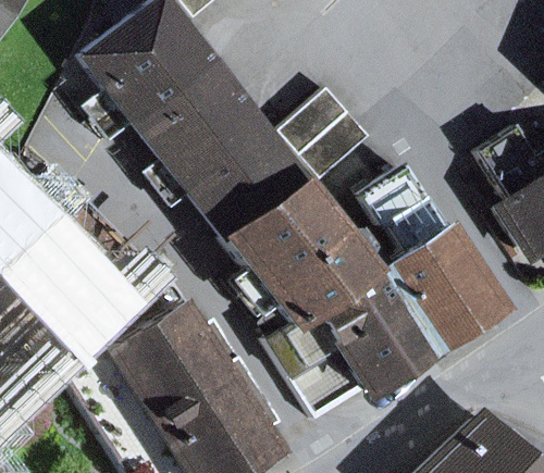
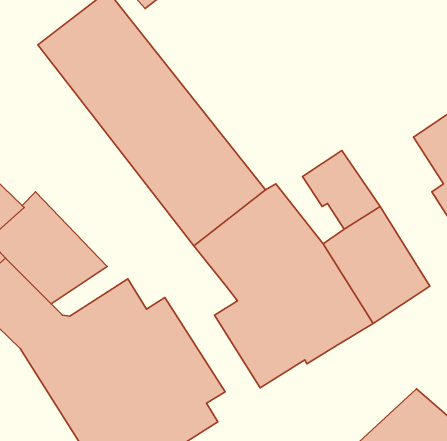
building: [283,86,375,178] -> none

